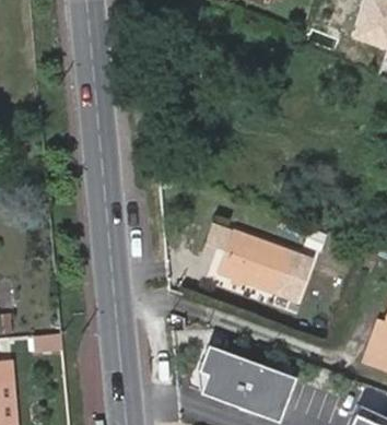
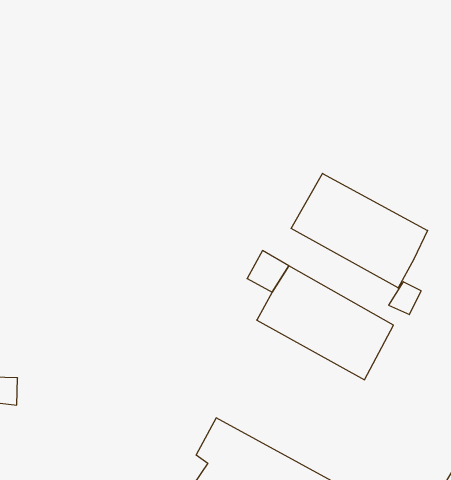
building: none -> [291,173,428,288]

